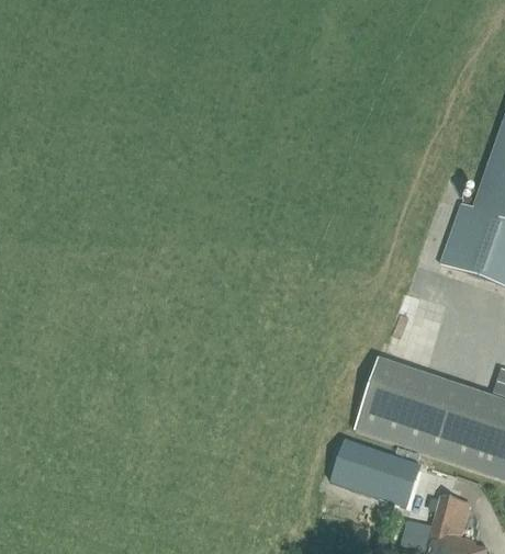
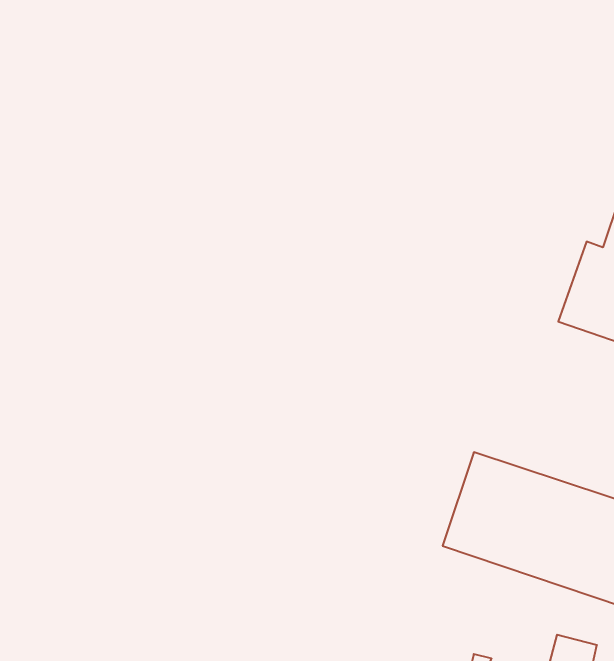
building: [332,440,420,507] -> none

